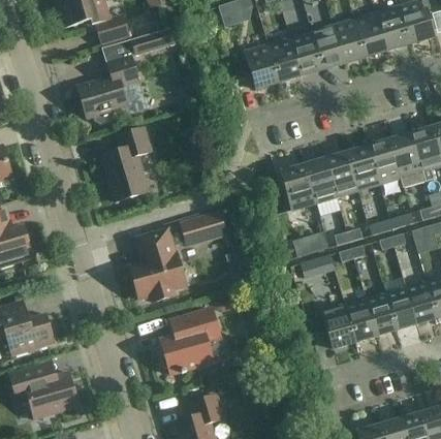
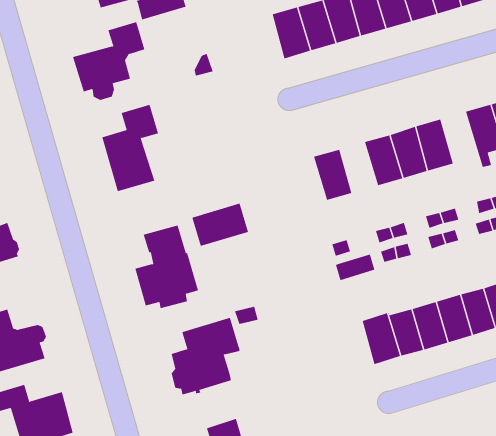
building: [389,133,424,187] -> none
building: [304,159,336,202] -> none

